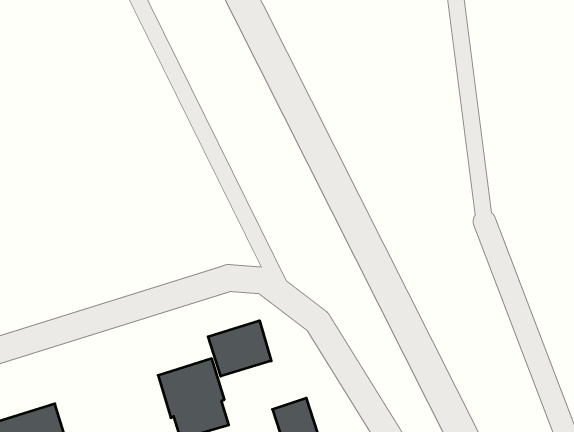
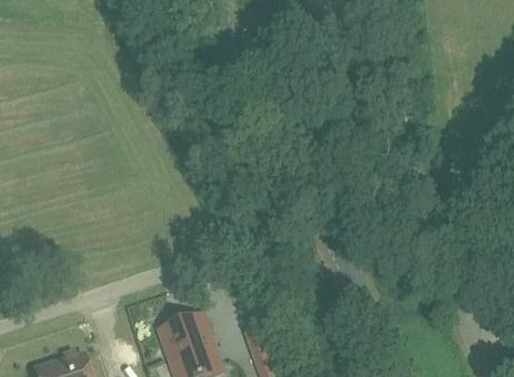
building: [208,321,271,376] -> none

